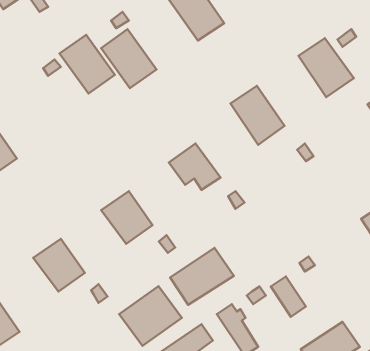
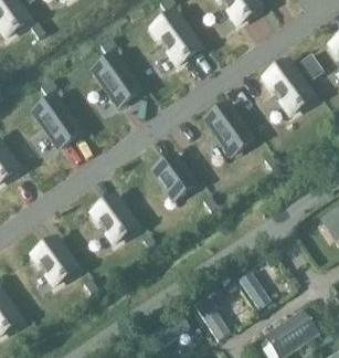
building: [60,35,115,94] -> [32,95,81,147]
building: [170,248,234,305] -> none
building: [119,286,182,346] -> none

